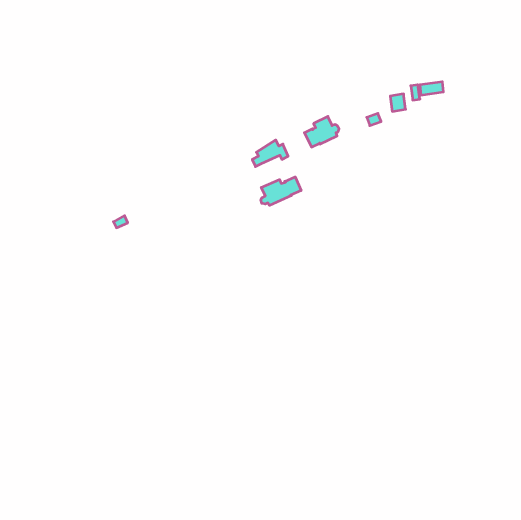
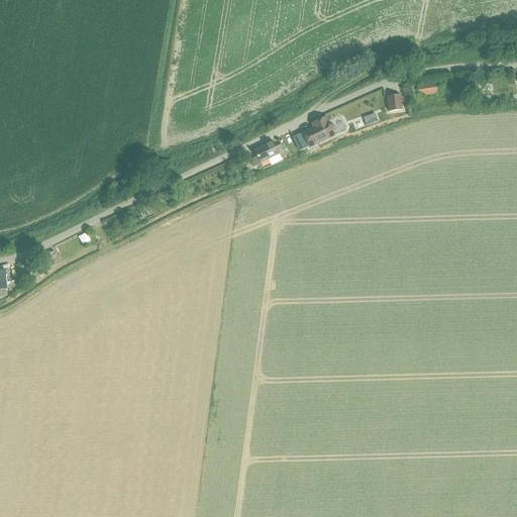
building: [261,177,301,205] -> none

